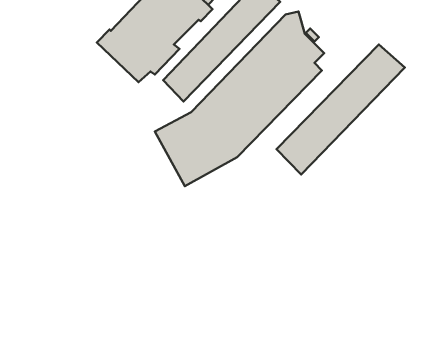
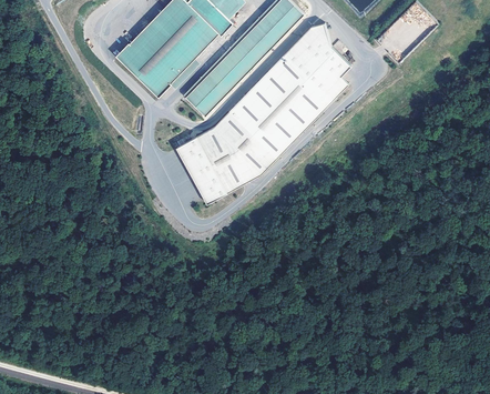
building: [276,44,405,175] -> none

